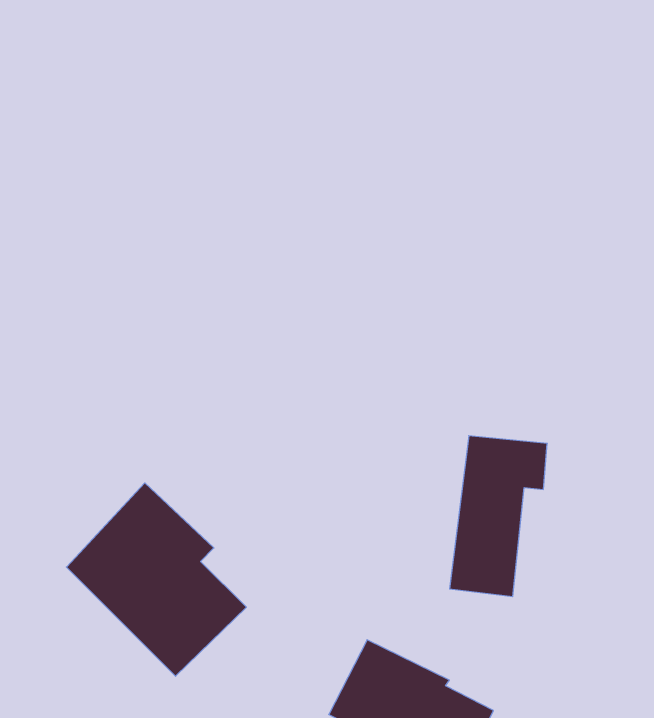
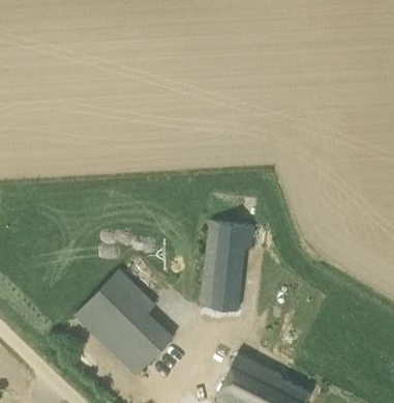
building: [450,436,547,597] -> [200,222,252,309]

